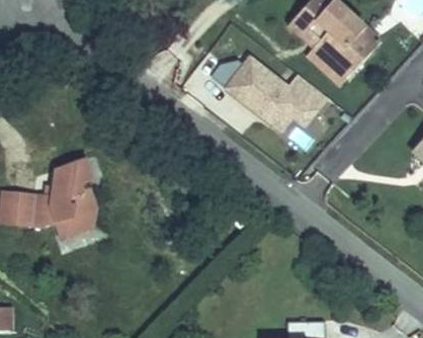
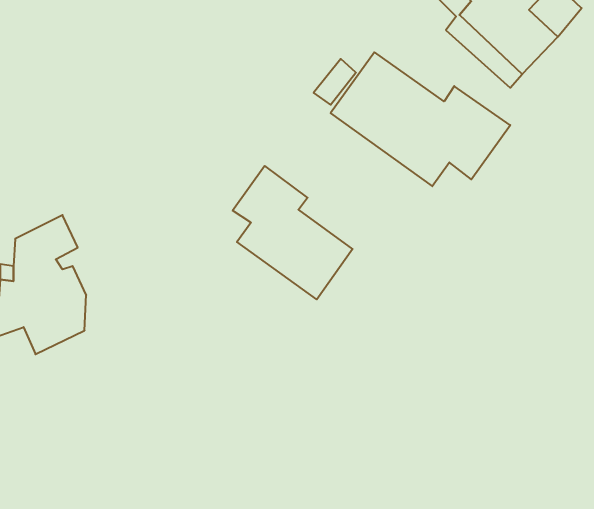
building: none -> [233,166,353,299]

